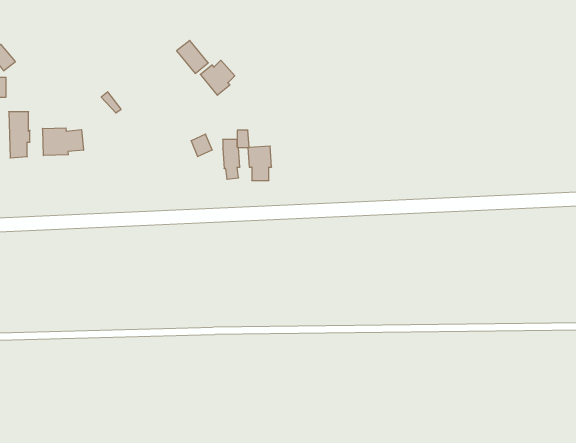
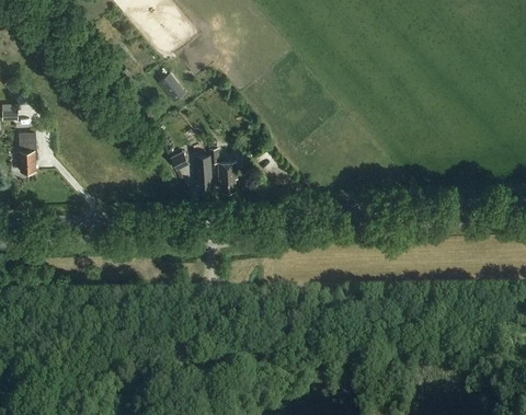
building: [200,60,235,95] -> none
building: [43,128,83,156] -> none

